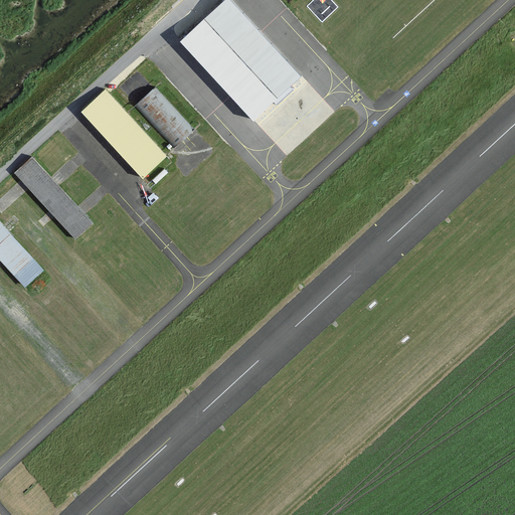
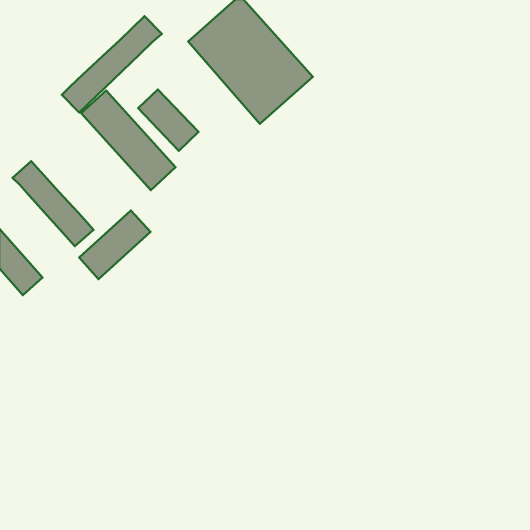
building: none -> [62,16,162,112]
building: none -> [79,210,151,279]

